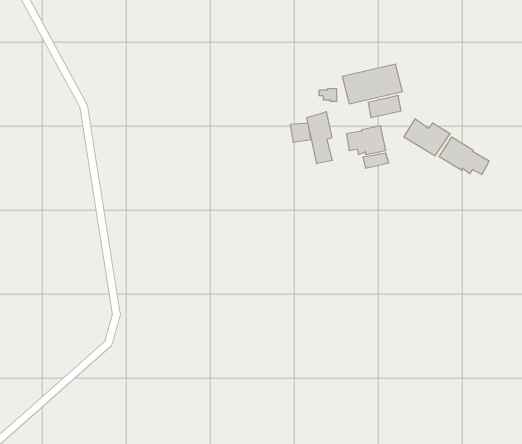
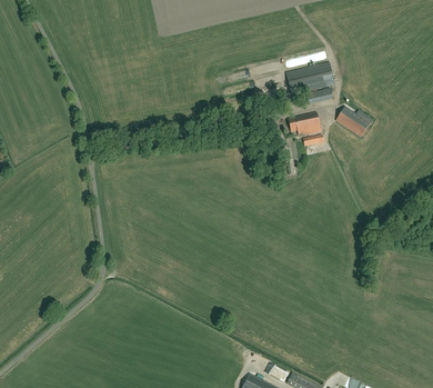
building: [307,112,332,164] -> none
building: [439,137,489,175] -> none

